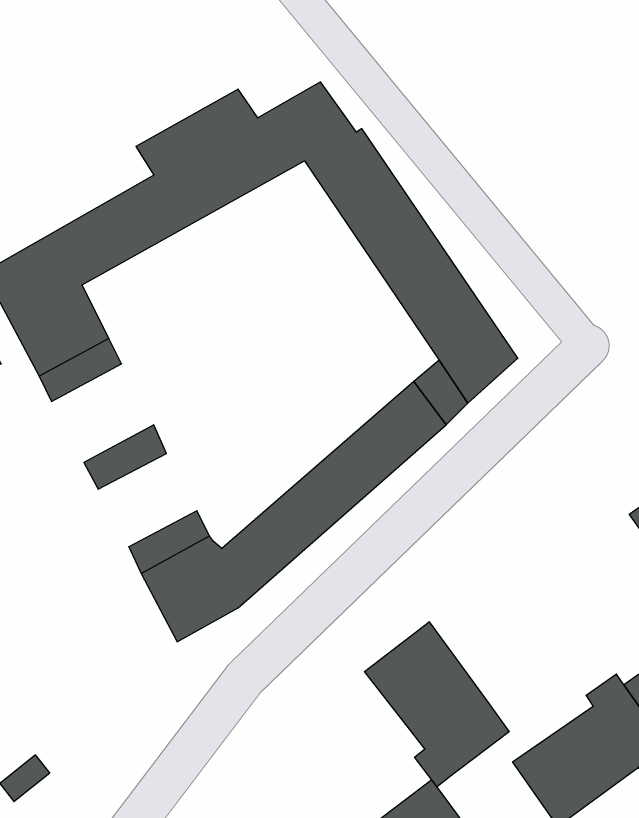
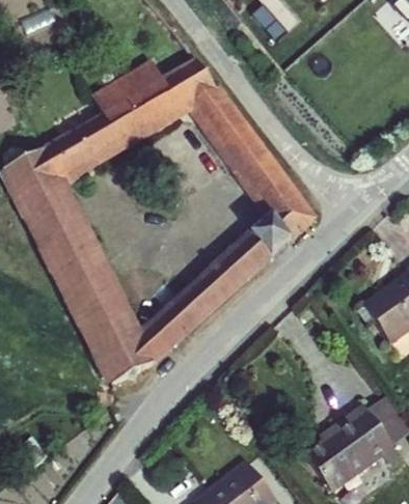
building: none -> [39,223,99,280]
building: none -> [66,275,124,329]
building: [365,622,509,787] -> none

